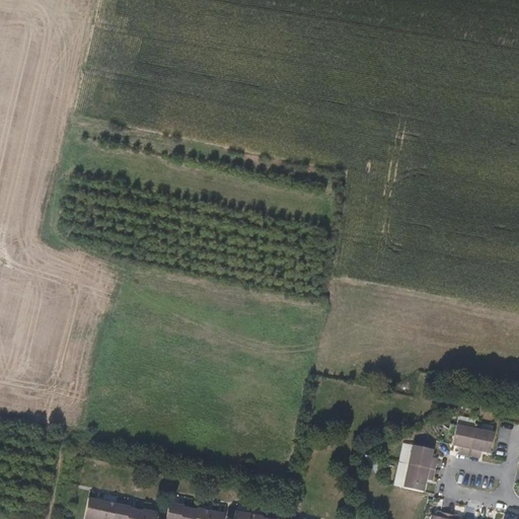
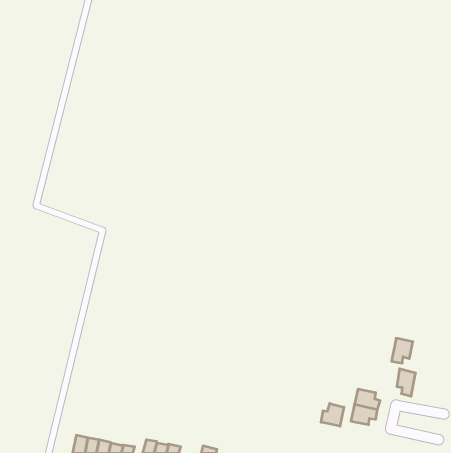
building: [472,427,497,455] -> [392,338,413,363]
building: none -> [321,403,344,426]

